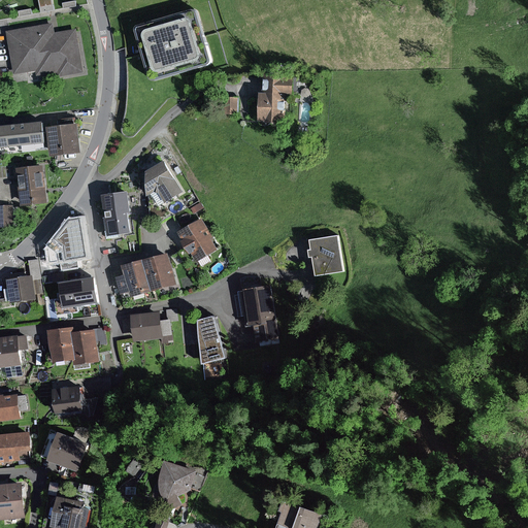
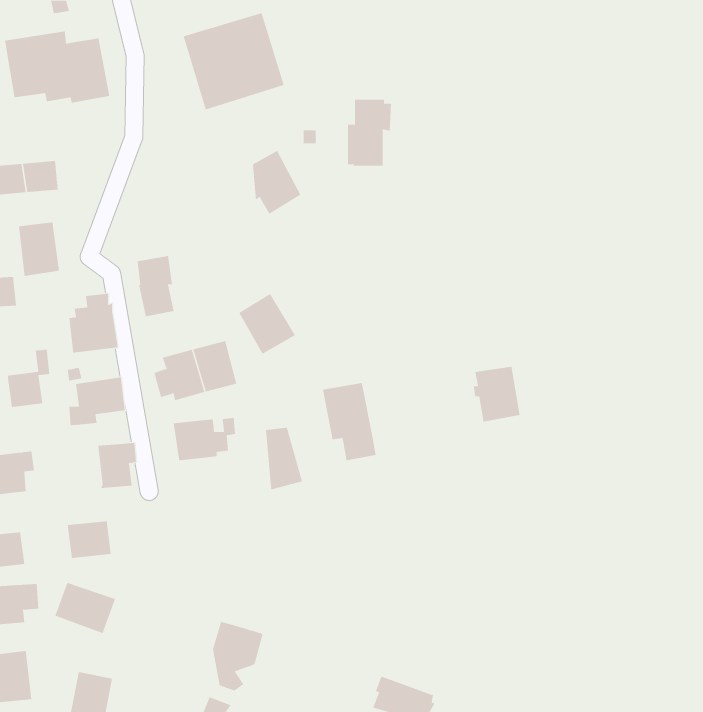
building: [44,122,80,154] -> none
building: [143,160,179,207] -> [252,150,301,214]
building: [307,234,342,275] -> [473,366,520,422]
building: [47,327,75,362] -> none

